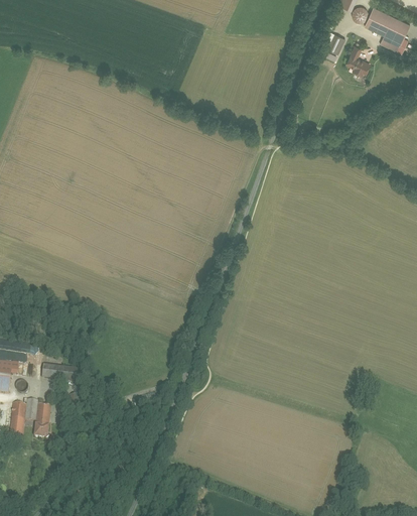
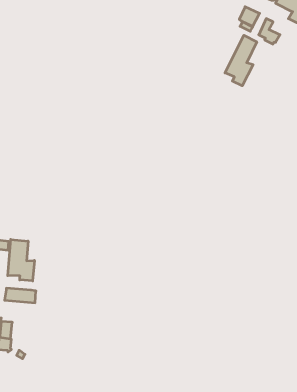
building: none -> [225,35,257,86]
building: none -> [8,239,34,281]

